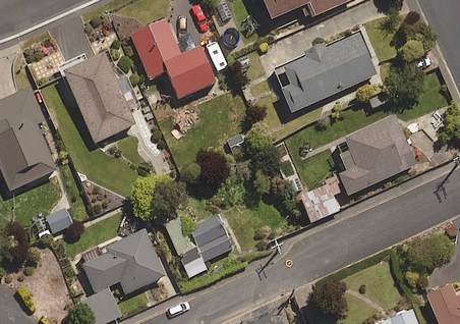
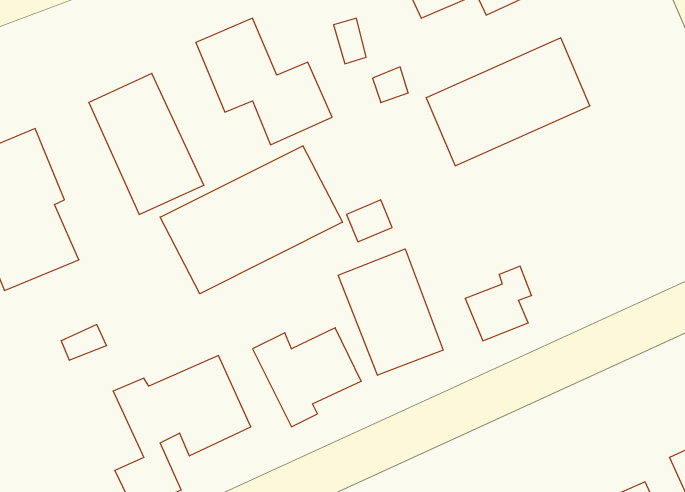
building: none -> [160,146,343,294]
building: [337,115,416,195] -> none
building: none -> [338,249,443,375]

